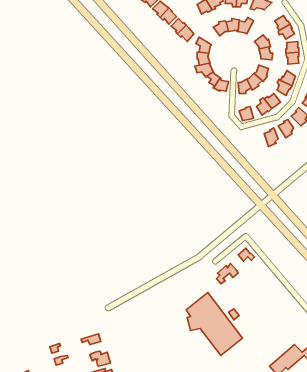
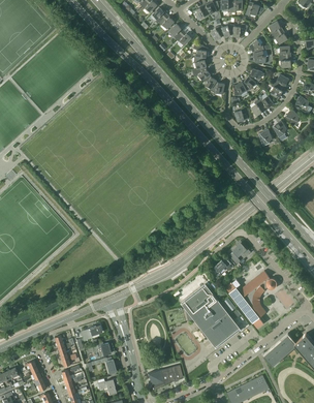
building: none -> [225,272,277,329]

